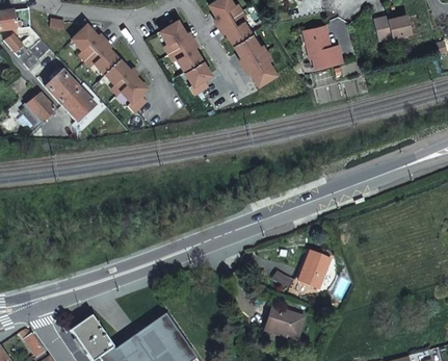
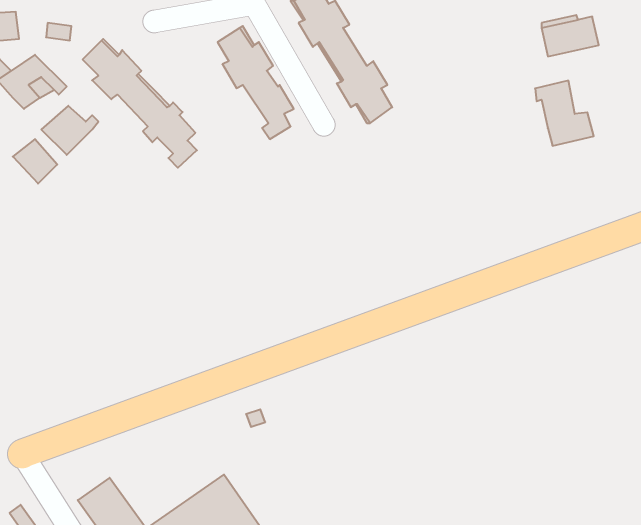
building: [304,24,342,67] -> [535,81,594,146]
building: [62,87,94,122] -> none
building: [287,250,331,294] -> none
building: [266,306,305,338] -> none

